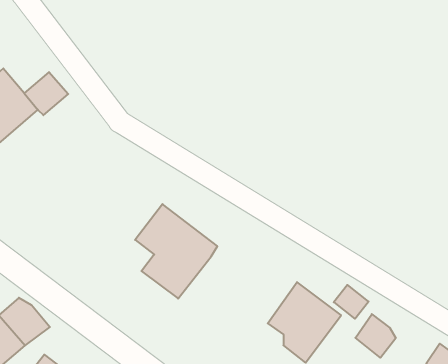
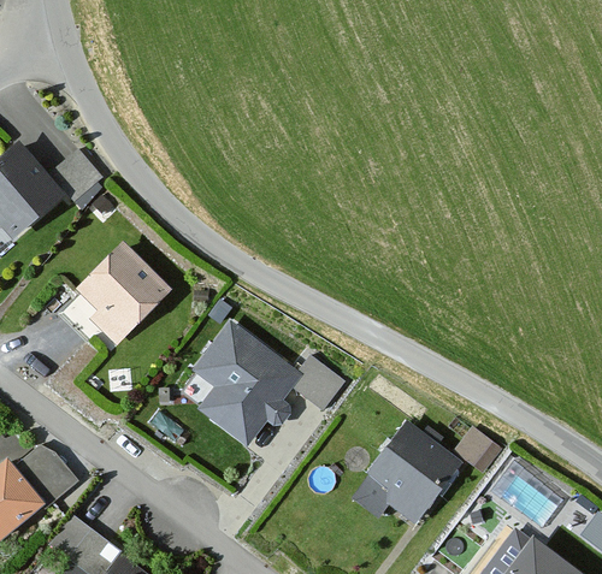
building: none -> [75,243,170,345]
building: none -> [290,355,346,410]
building: [355,314,396,358] -> none

